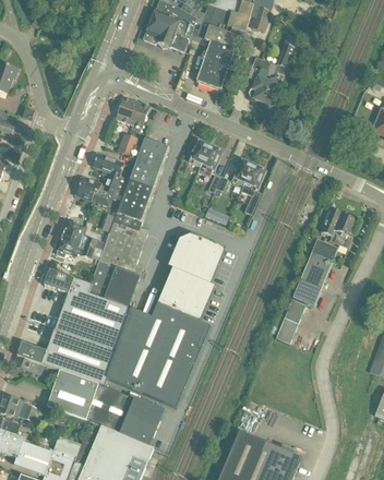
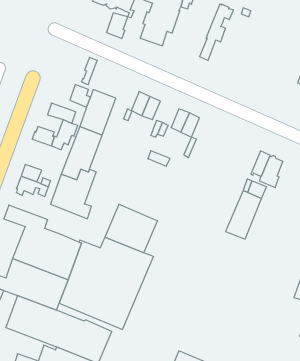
building: [248,57,272,101] -> none
building: [115,98,139,127] -> [106,13,128,38]
building: [167,233,225,284] -> none
building: [88,267,136,310] -> none
building: [275,298,304,344] -> none

